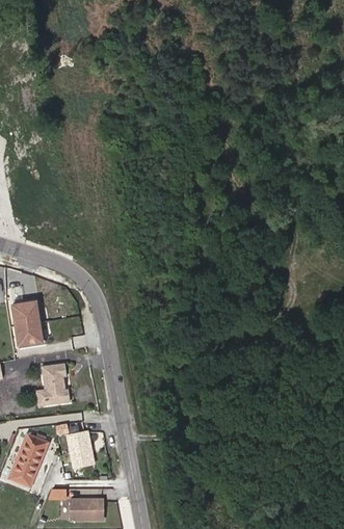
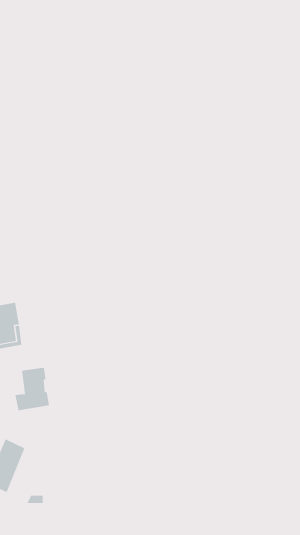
building: [64,432,91,469] -> none
building: [69,498,101,520] -> none

